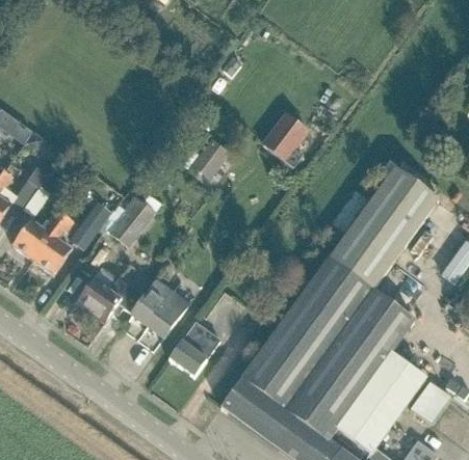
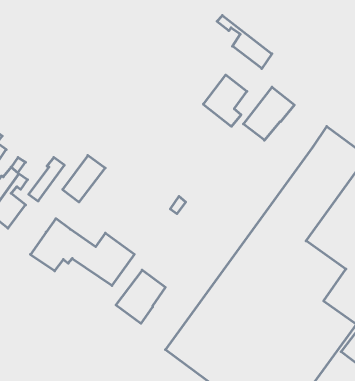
building: none -> [217,15,272,69]
building: none -> [243,87,294,140]
building: [189,137,230,179] -> none

